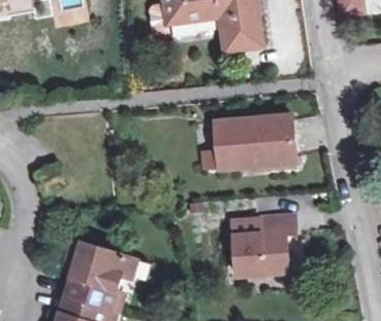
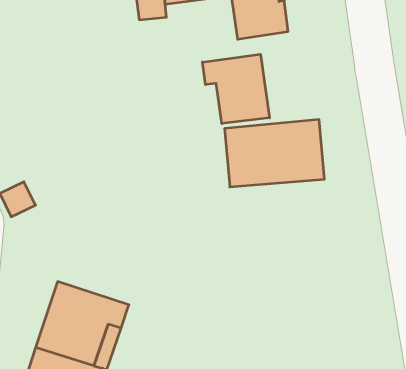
building: none -> [202,54,269,124]
building: [233,216,293,275] -> none

